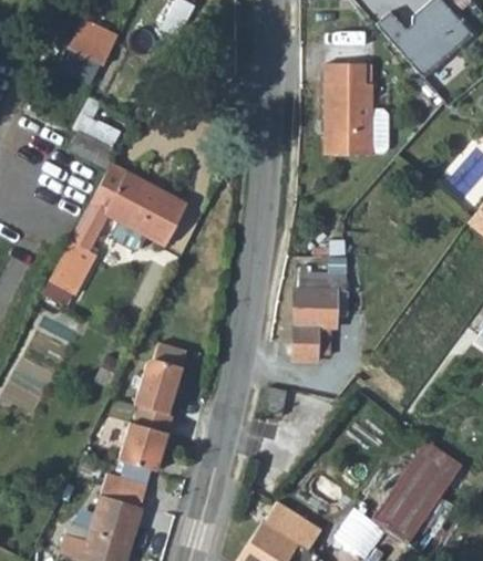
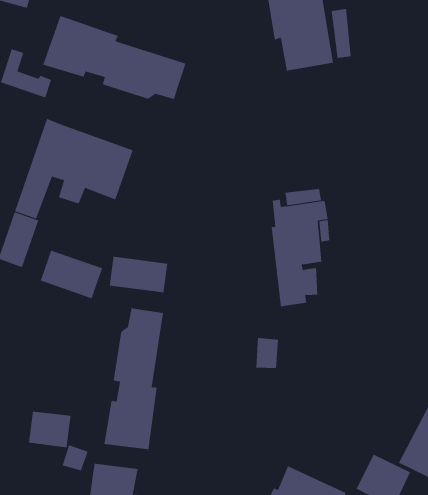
building: none -> [42,15,186,100]
building: none -> [40,250,103,299]
building: none -> [109,256,168,293]
building: none -> [29,411,71,448]

